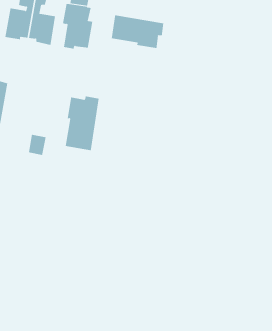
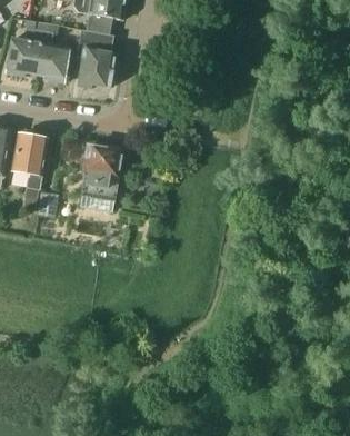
building: [111,15,164,49] -> none
building: none -> [12,129,47,187]

